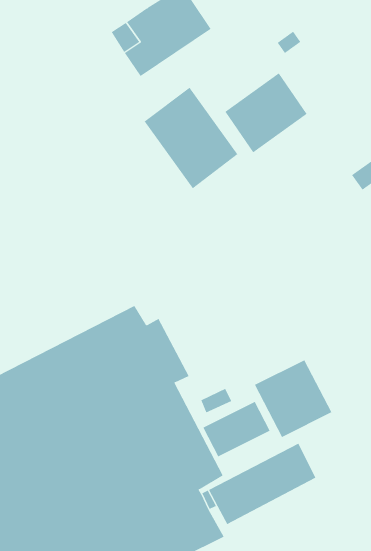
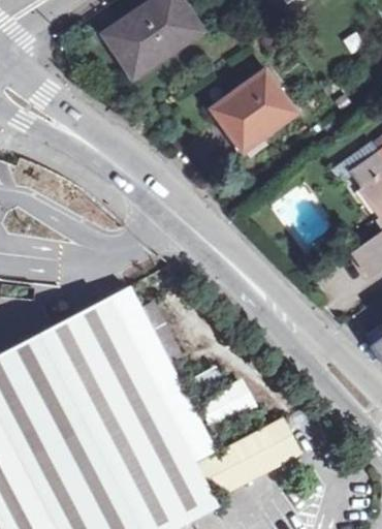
building: [144,87,238,189] -> none
building: [254,359,332,438] -> none

